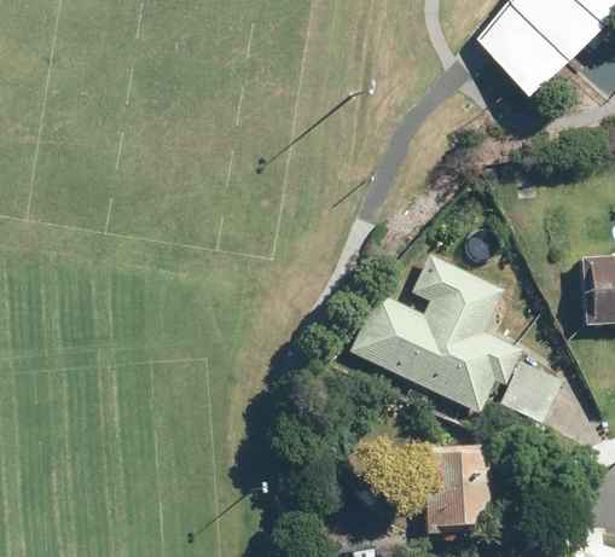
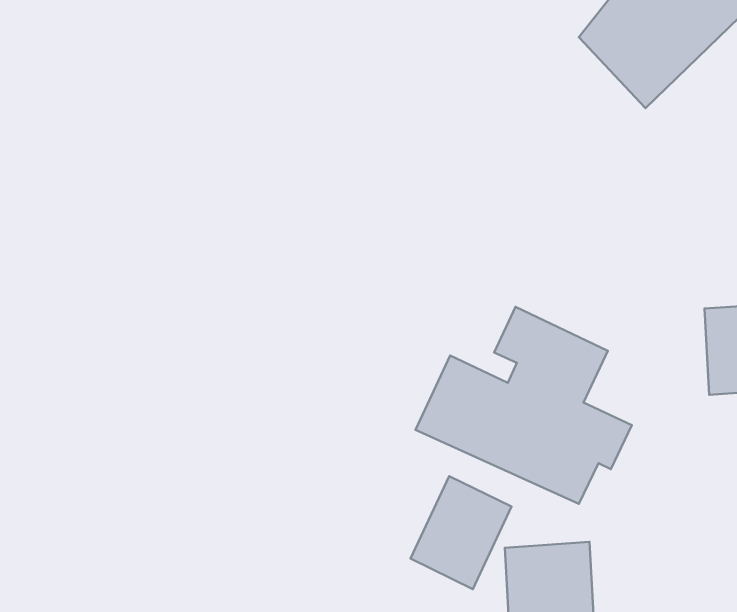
building: [499,361,558,422] -> none
building: none -> [410,476,511,589]

